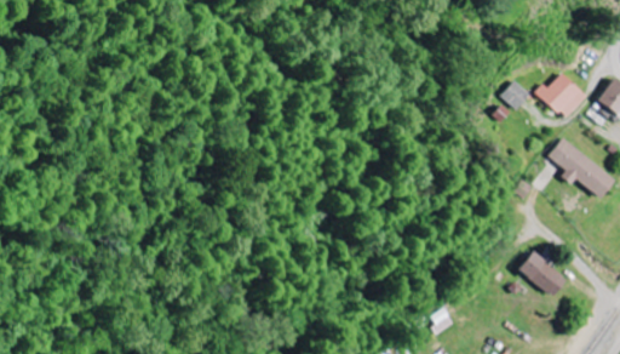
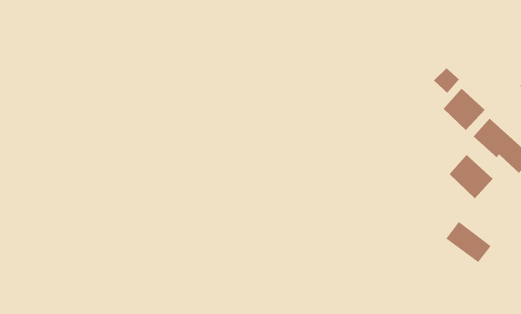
building: [540,70,587,118] -> [443,88,486,131]
building: none -> [449,154,493,199]

